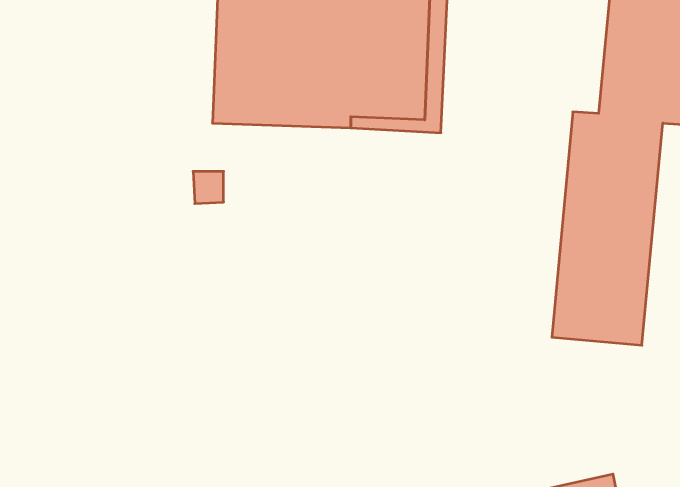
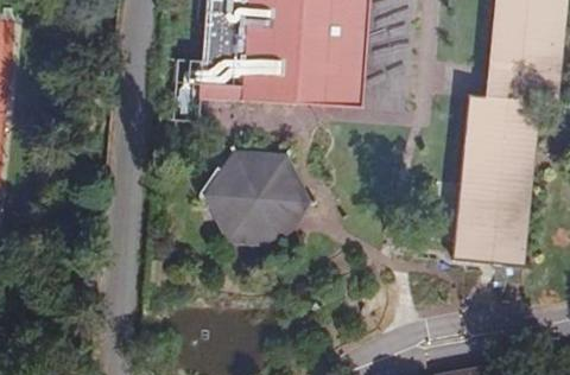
building: none -> [210,153,305,237]

